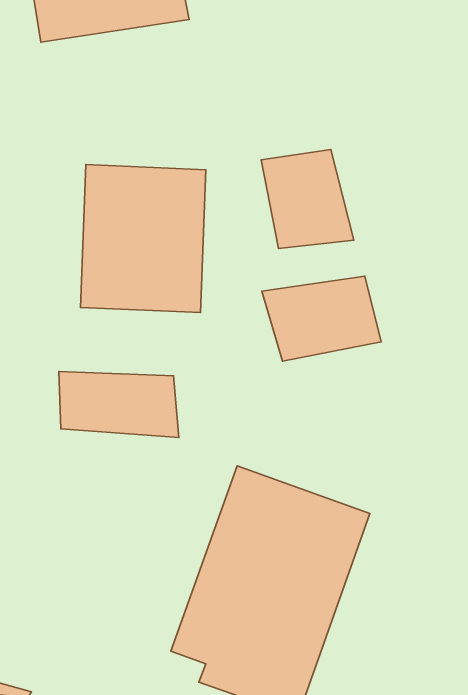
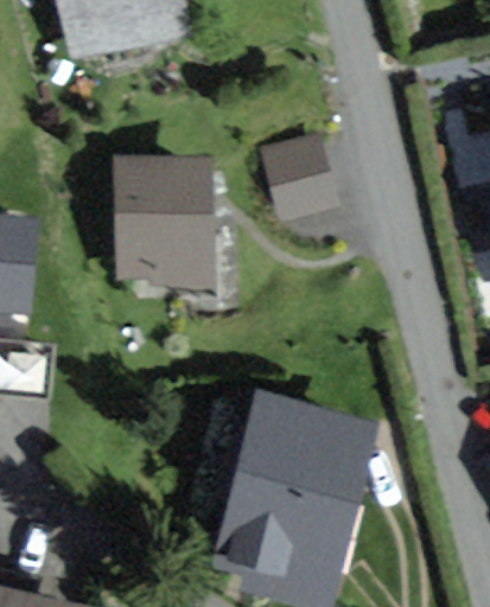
building: [262,276,381,361] -> none
building: [59,372,179,438] -> none

